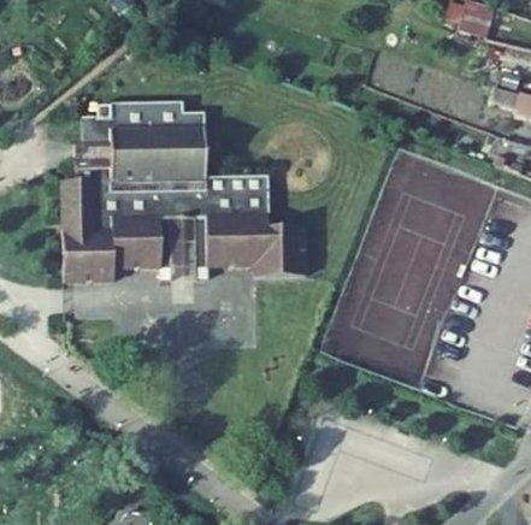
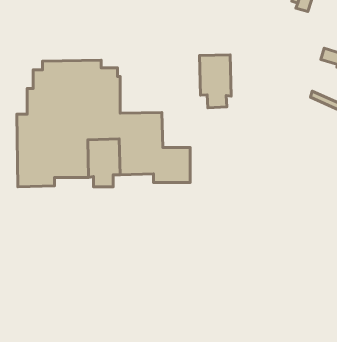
building: none -> [200,55,231,108]

